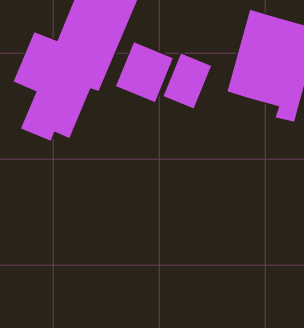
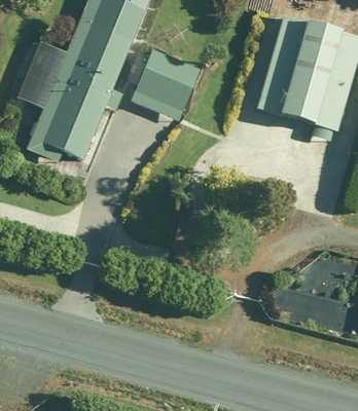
building: [162,52,212,109] -> none

